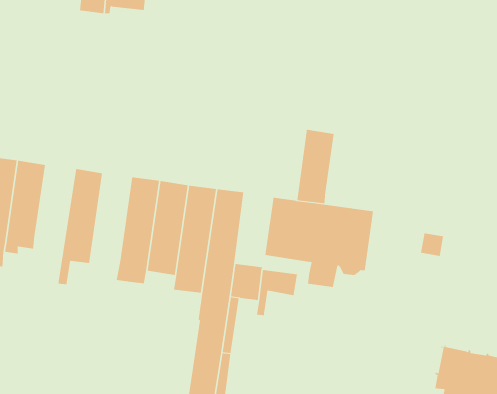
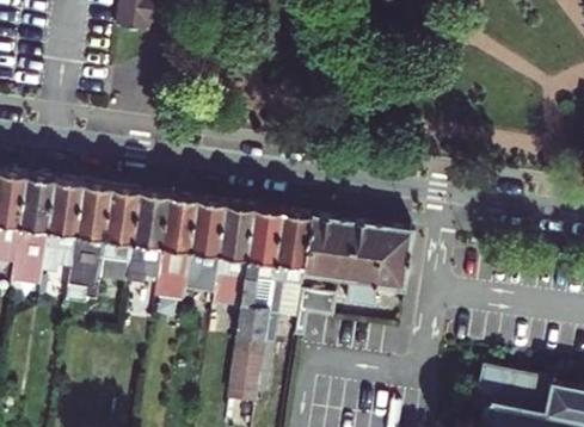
building: [296,129,335,204] -> [273,212,312,287]
building: none -> [67,185,113,307]
building: none -> [128,193,170,286]

